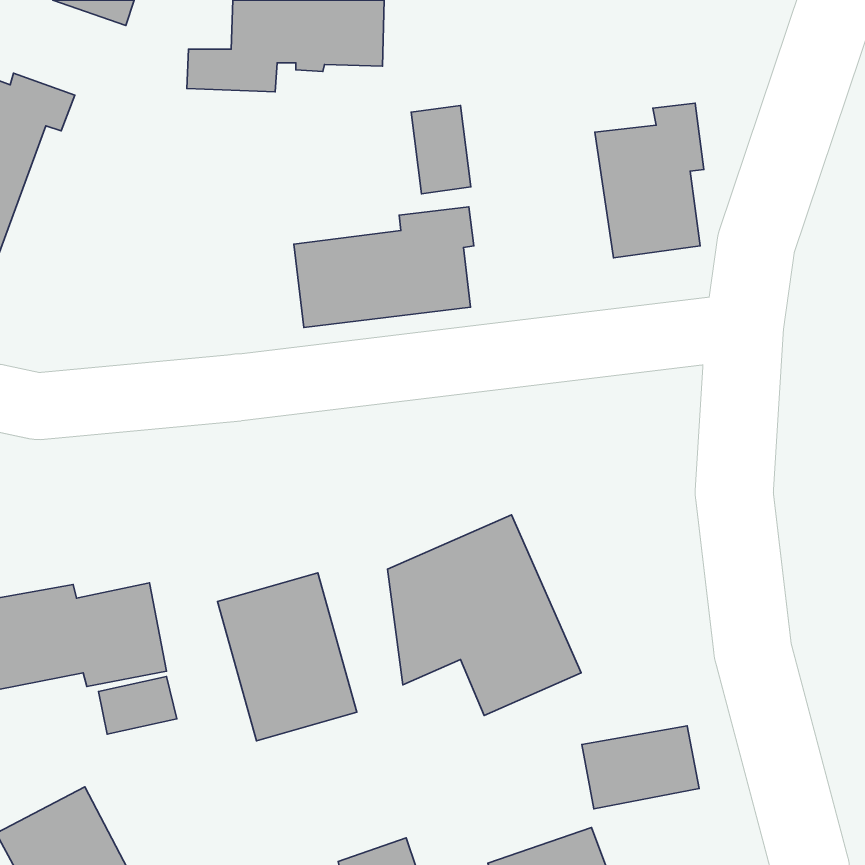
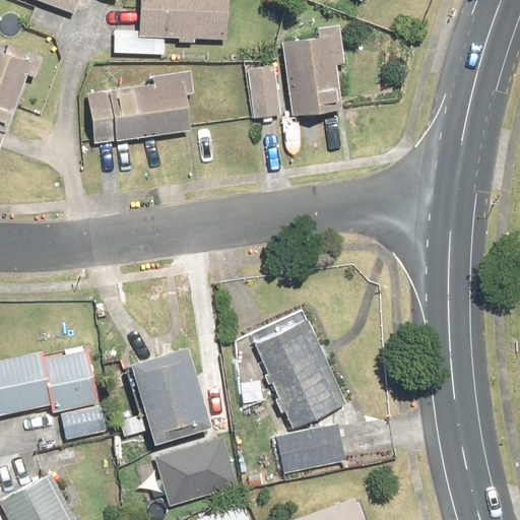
building: [595,103,704,258] -> [280,23,345,116]
building: [294,207,474,327] -> [87,73,195,145]
building: none -> [153,435,235,503]
building: [582,726,699,809] -> [274,425,344,474]

